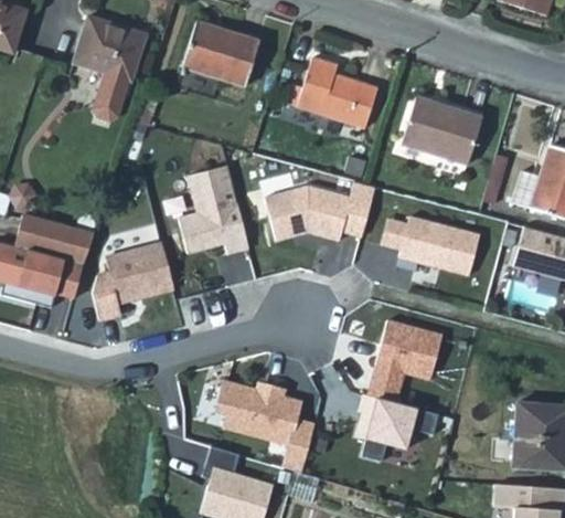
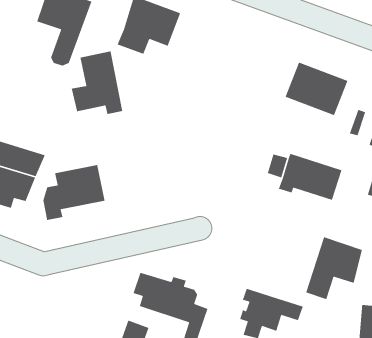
building: [296,56,377,128] -> none
building: [180,170,249,254] -> [71,51,123,115]
building: [266,179,376,239] -> none
building: [367,319,439,402] -> [305,236,363,300]

